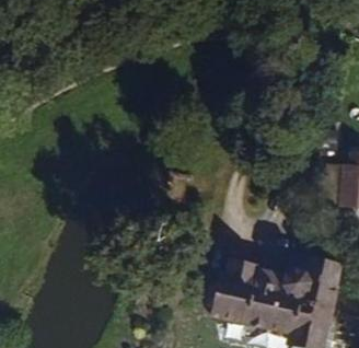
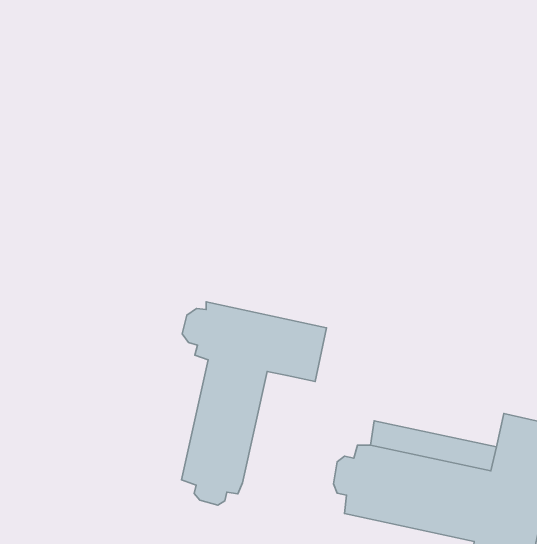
building: none -> [181,302,326,505]

